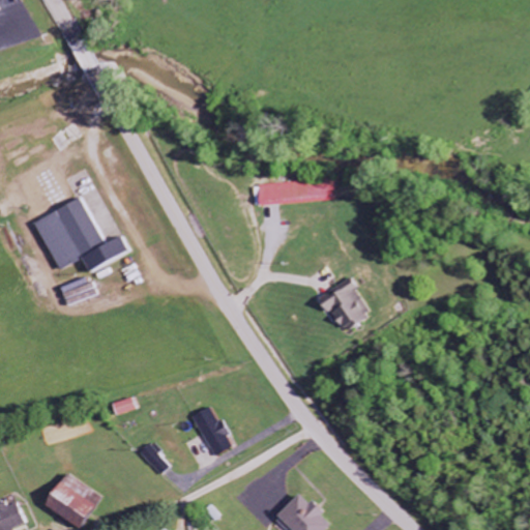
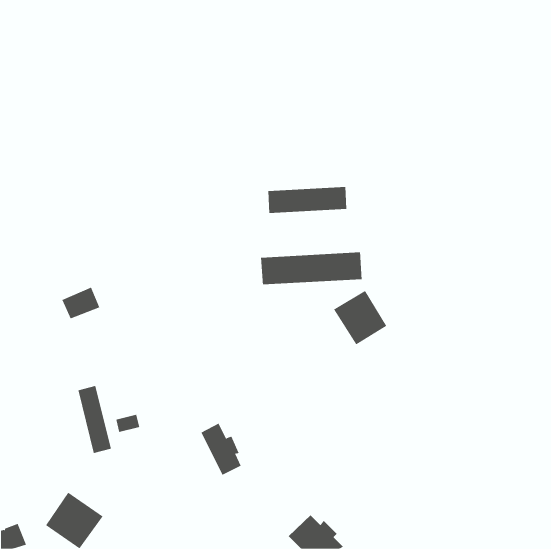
building: [33,198,127,272] -> none
building: none -> [261,252,362,285]
building: none -> [78,385,112,454]

